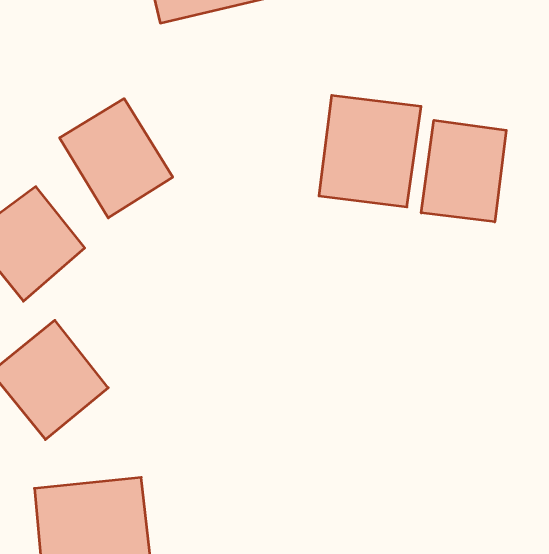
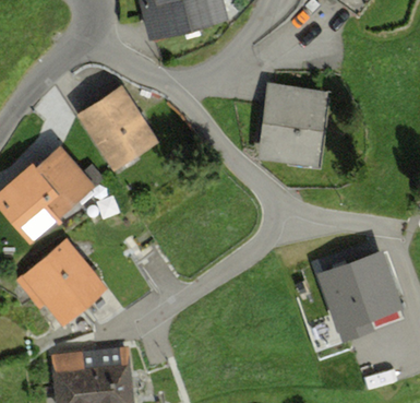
building: [421,120,506,222] -> none
building: none -> [326,258,404,330]

